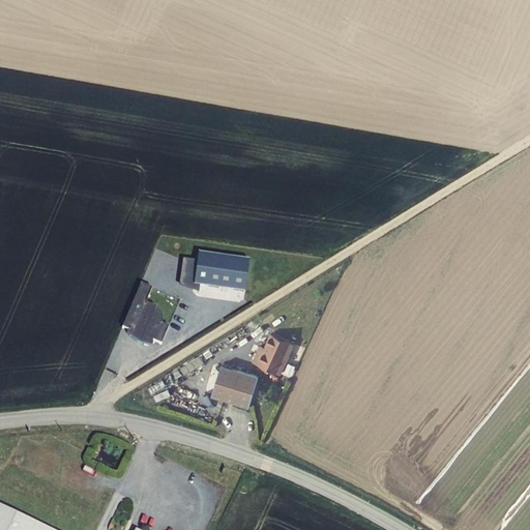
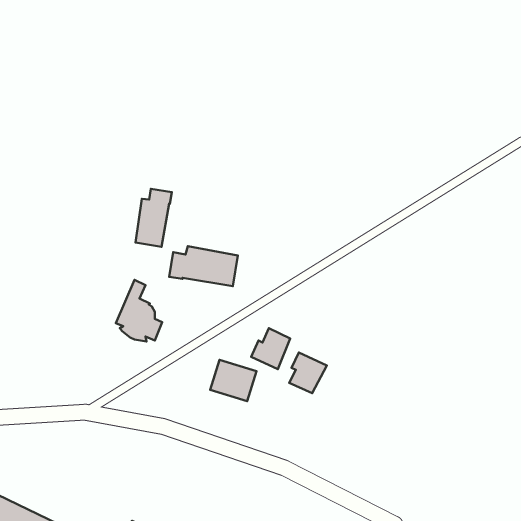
building: none -> [135,189,172,247]
building: none -> [289,352,327,393]

